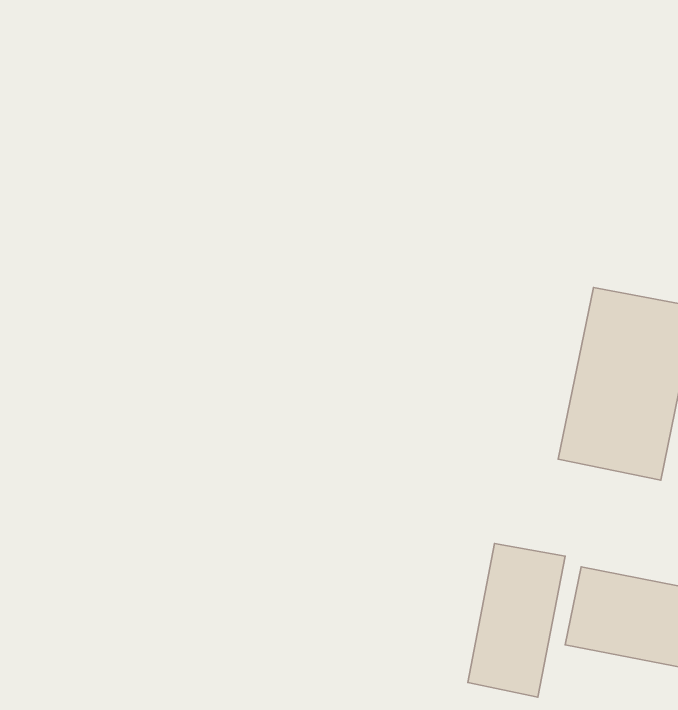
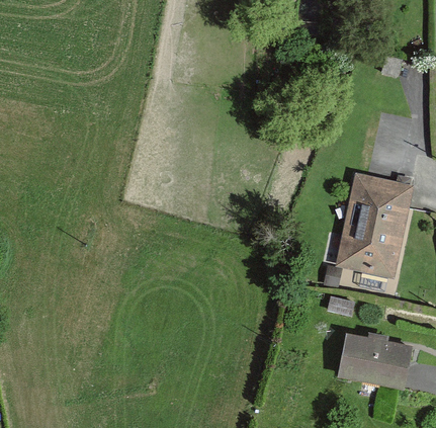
building: [468,544,565,697] -> none

